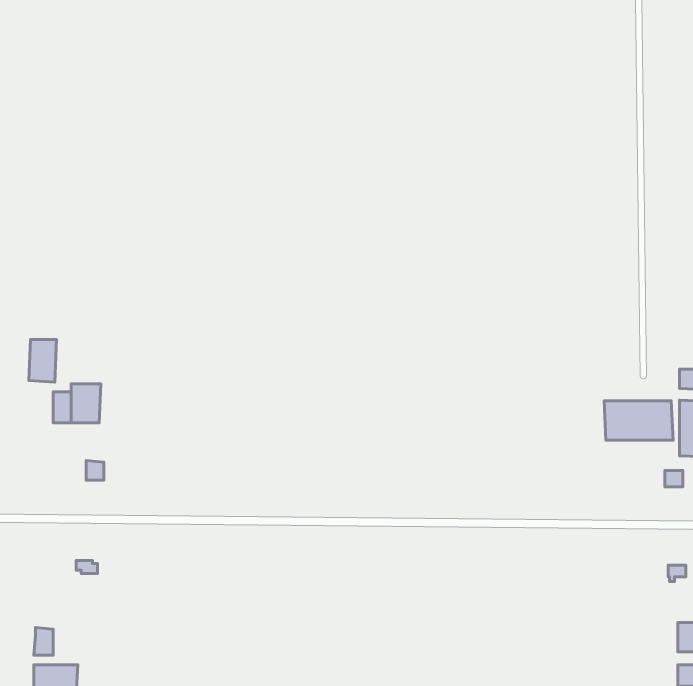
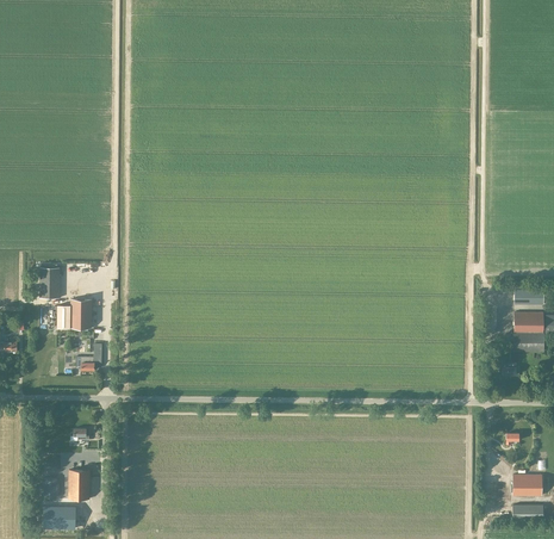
building: [604,401,673,440] -> none
building: none -> [69,470,91,498]

